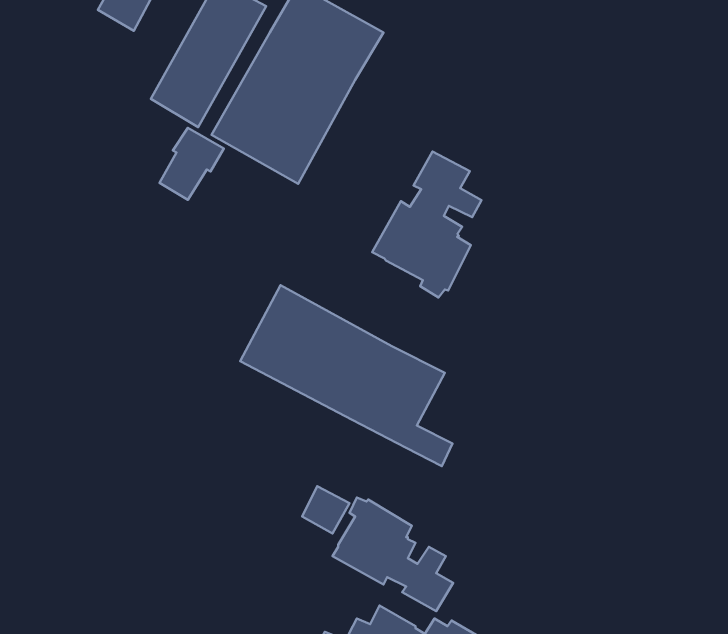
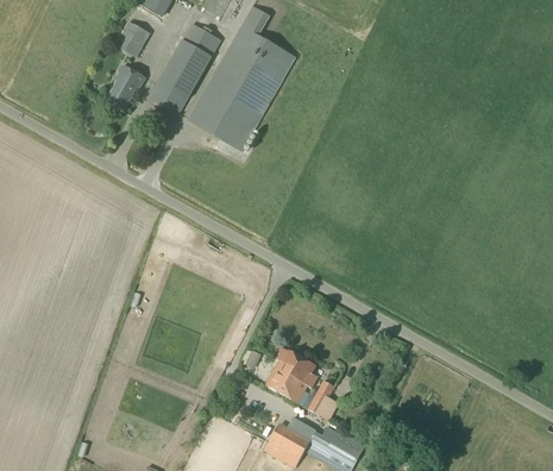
building: [160,128,224,200] -> [106,64,146,109]
building: [372,152,482,298] -> none
building: [240,285,452,466] -> none

